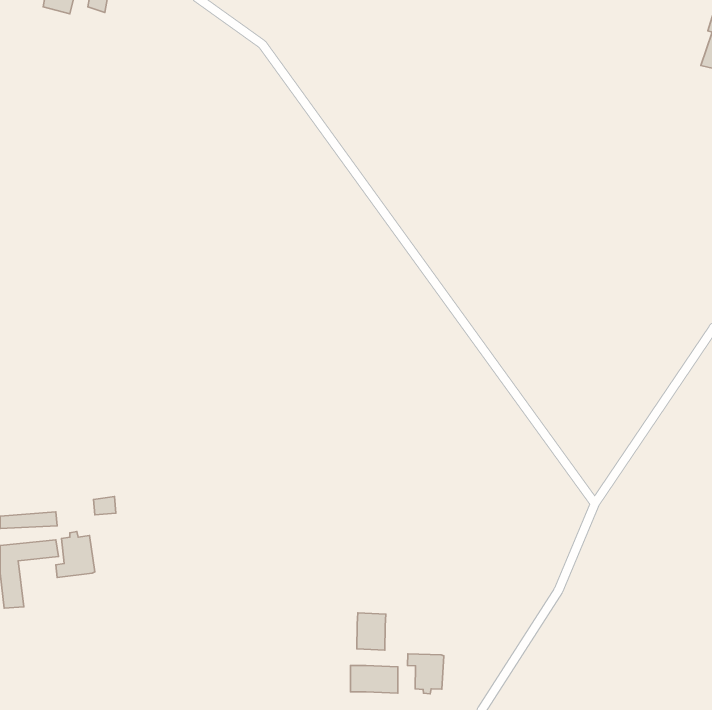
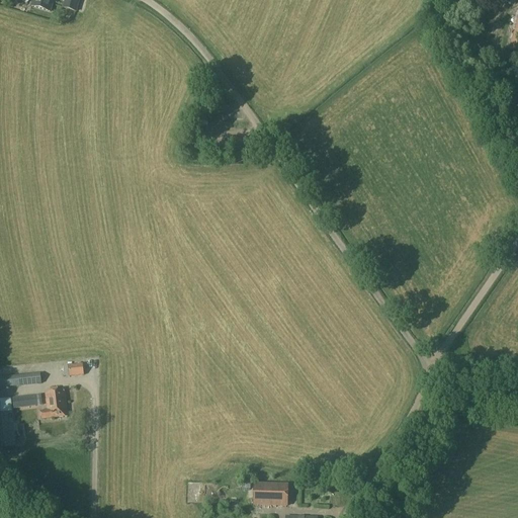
building: [357,613,386,650] -> none
building: [408,654,444,694] -> none

